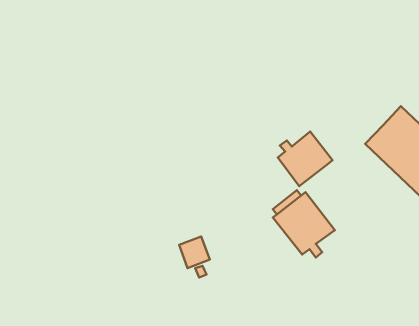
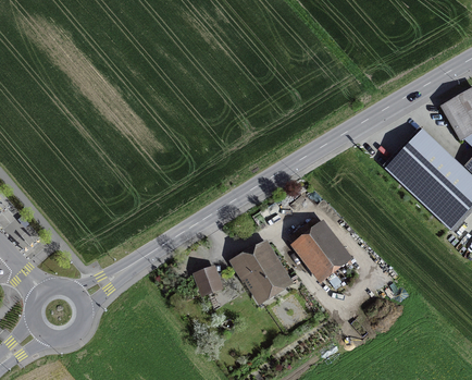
building: [278,131,333,186] -> none
building: none -> [232,241,295,308]

